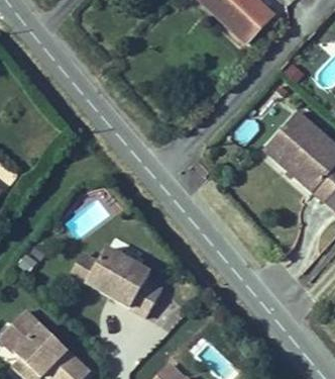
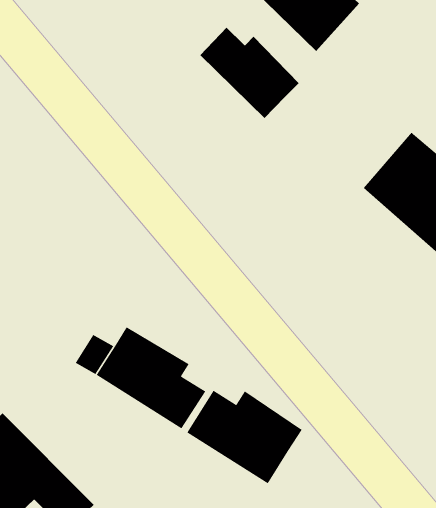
building: none -> [199,27,300,119]
building: none -> [187,390,302,484]

